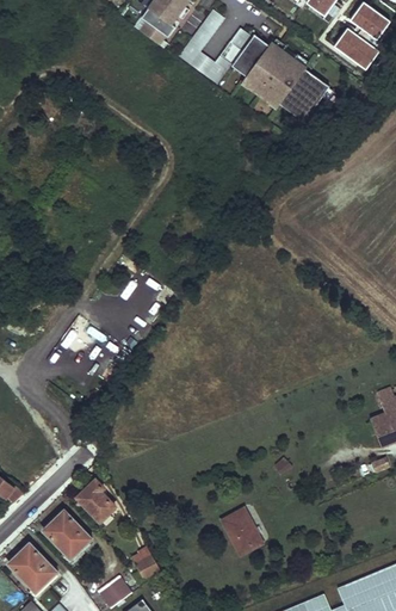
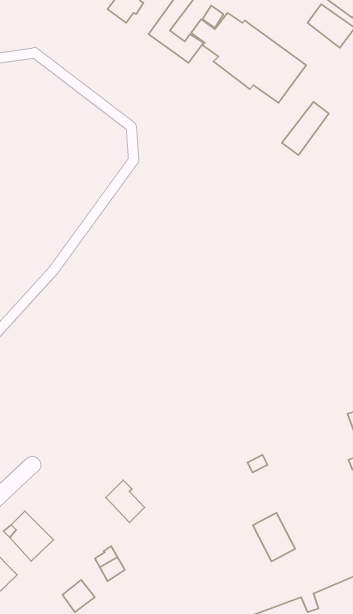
building: none -> [282,102,329,155]
building: [75,481,112,521] -> [106,480,144,523]
building: [224,510,265,556] -> [253,513,295,561]

